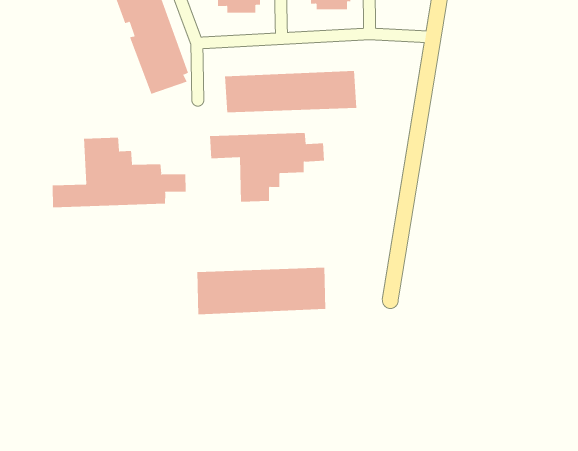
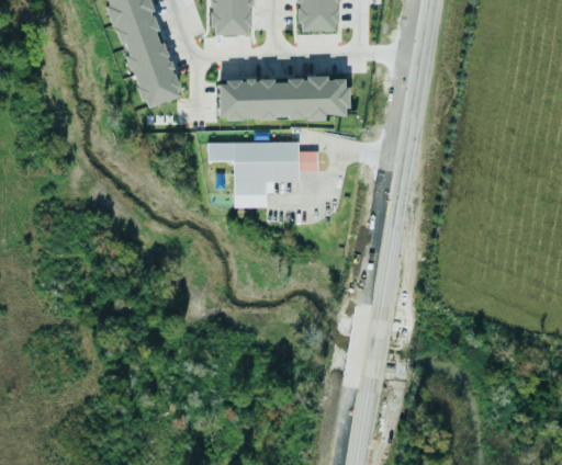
building: [52,137,186,208] -> none
building: [197,267,326,315] -> none

